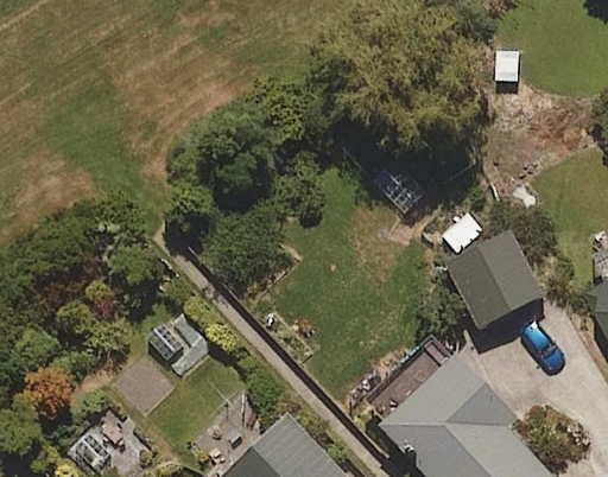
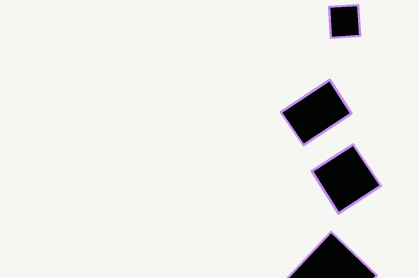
building: none -> [281,80,351,145]

